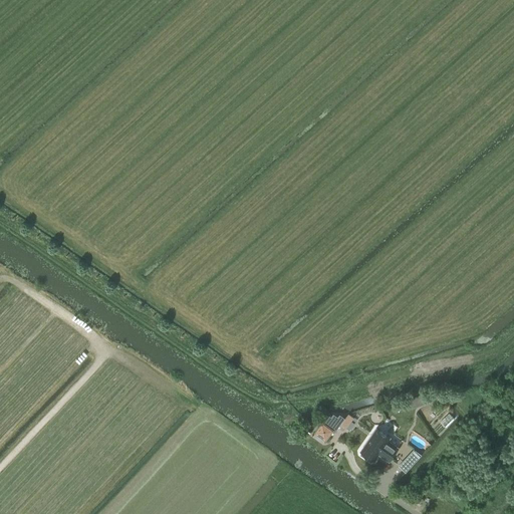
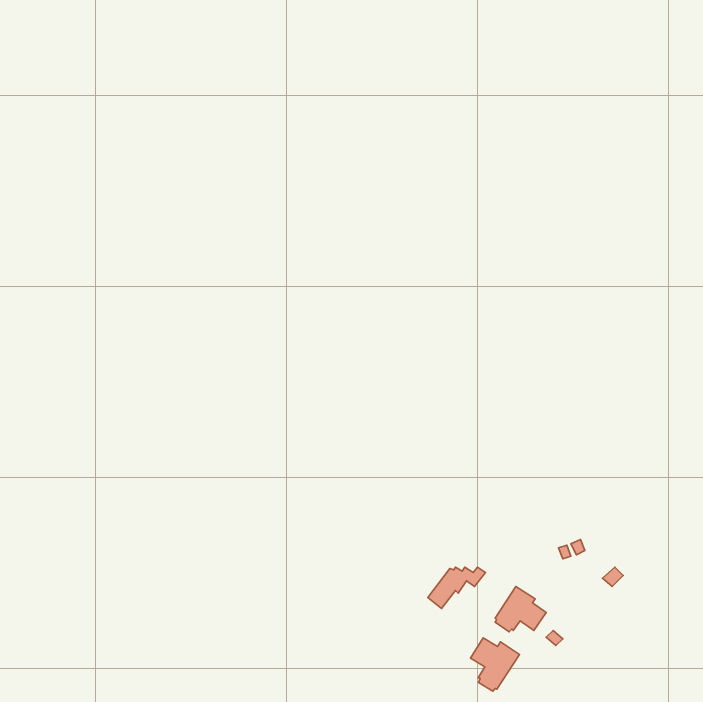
building: none -> [471,638,520,691]

